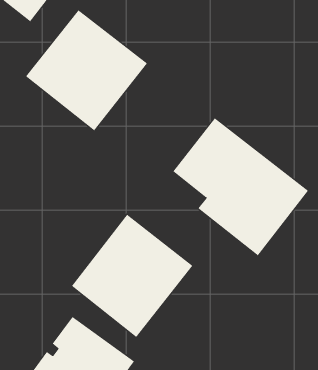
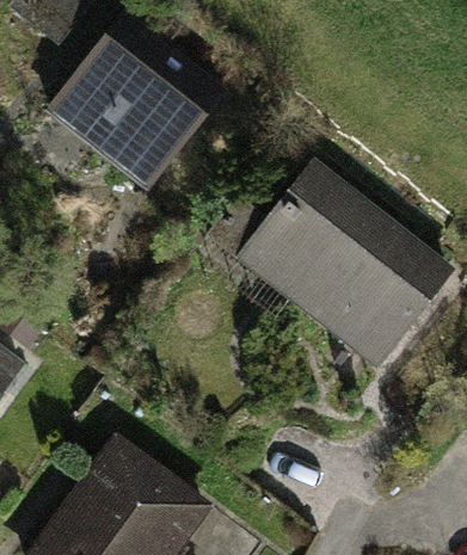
building: [71,214,193,338] -> none

